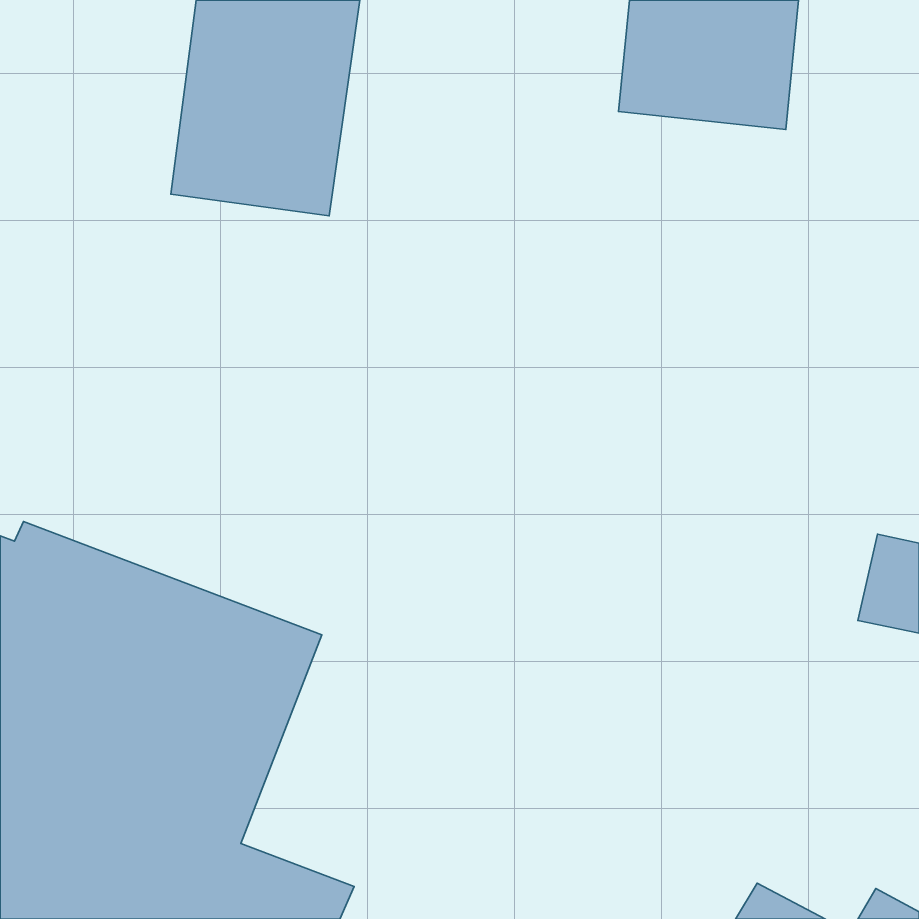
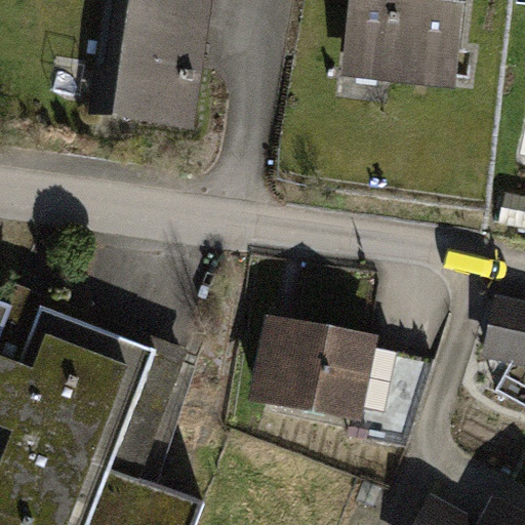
building: none -> [257,327,433,445]

